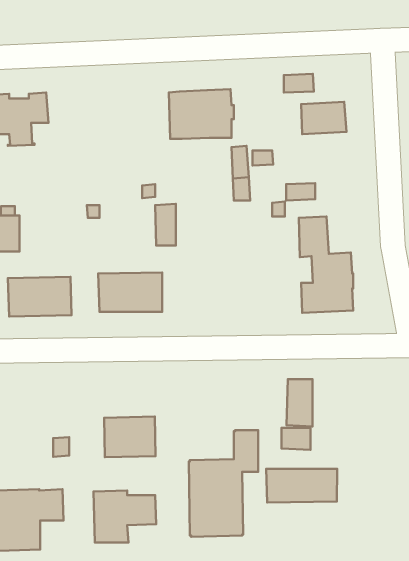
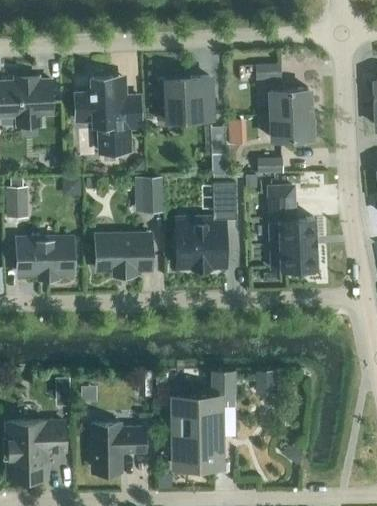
building: none -> [75,78,140,154]
building: none -> [271,115,310,141]
building: none -> [175,184,236,267]
building: [287,379,312,427] -> none
building: [104,417,156,457] -> none
building: [266,469,337,502] -> none

